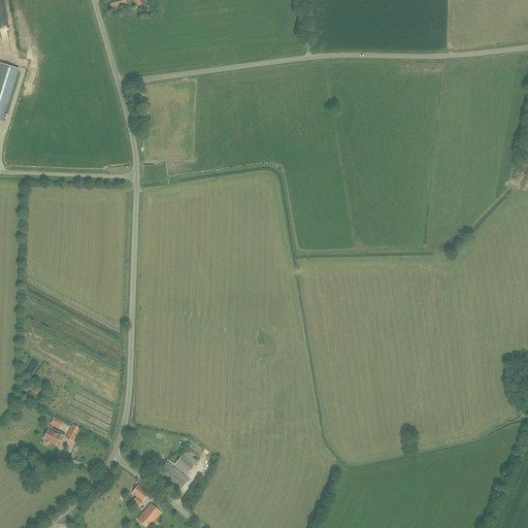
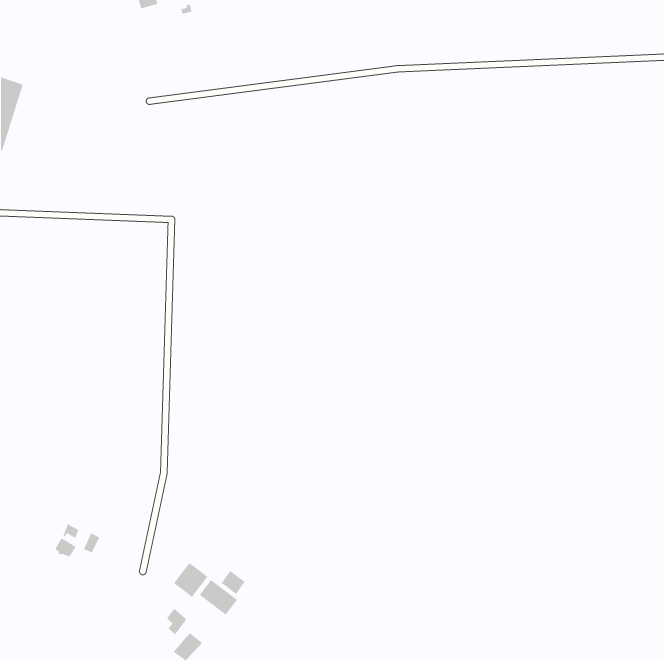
building: none -> [173,562,208,598]

